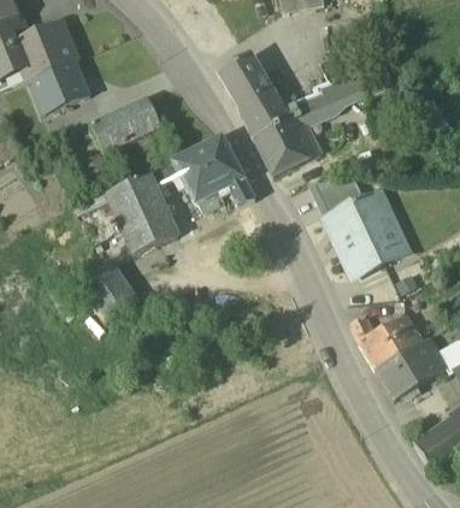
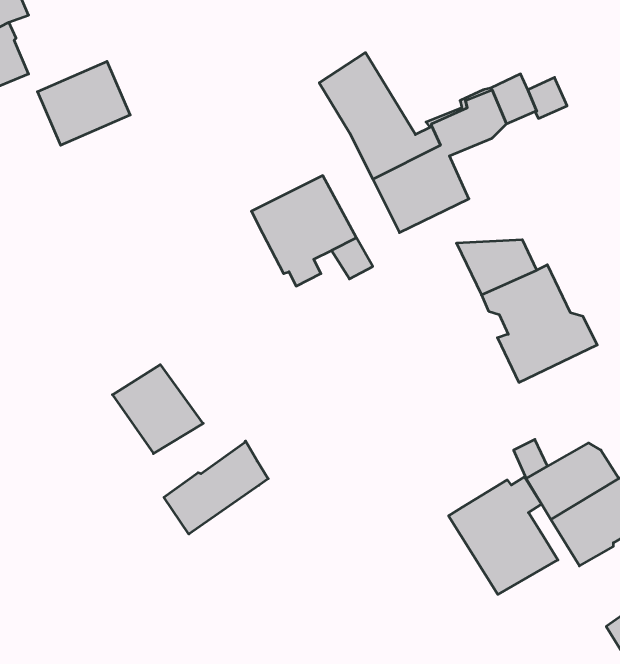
building: [13,22,77,78] -> none
building: [92,94,163,150] -> none
building: [106,171,177,252] -> none
building: none -> [164,441,268,534]
building: none -> [449,477,558,594]

